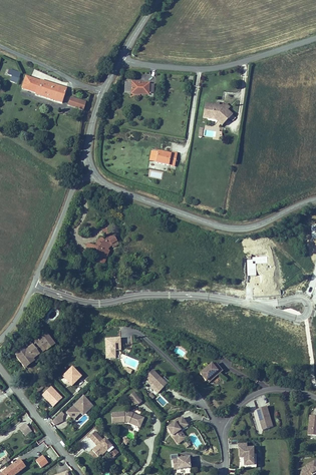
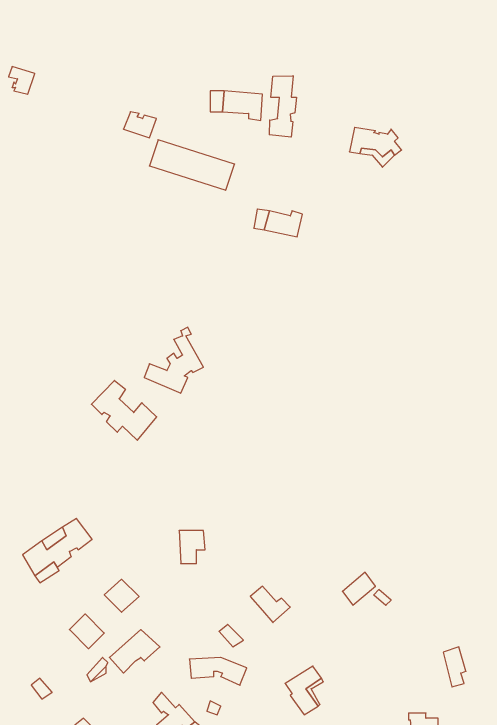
building: none -> [269,76,296,137]
building: [22,75,71,104] -> [149,140,235,190]
building: none -> [91,380,157,440]

